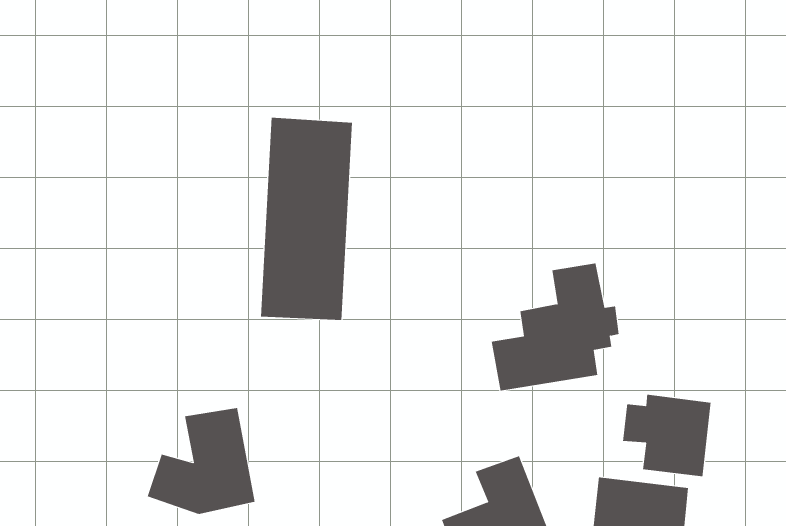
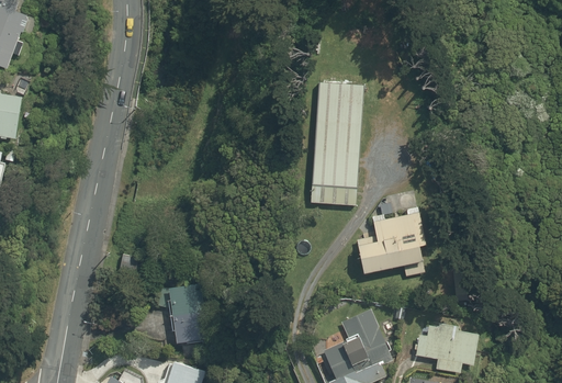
building: [260,117,353,320] -> [306,80,363,205]
building: [623,394,711,477] -> none

